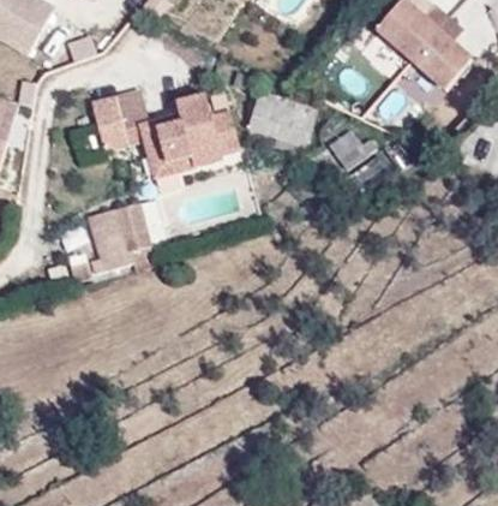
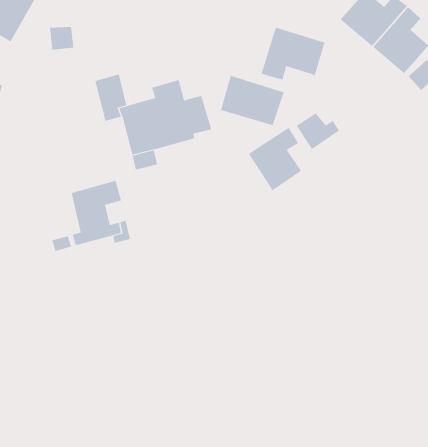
building: none -> [261,27,325,81]
building: [90,96,126,149] -> none
building: none -> [248,127,302,191]

